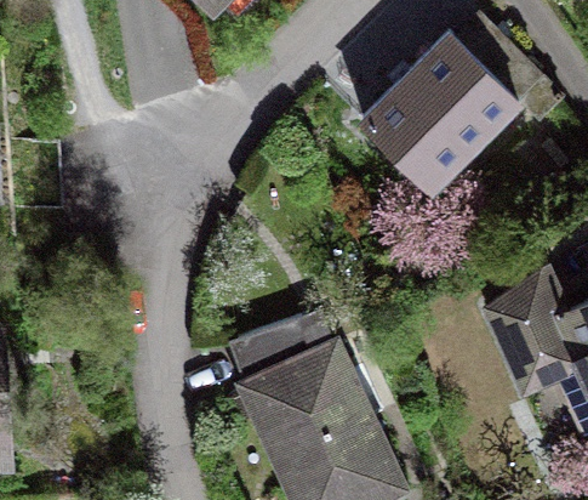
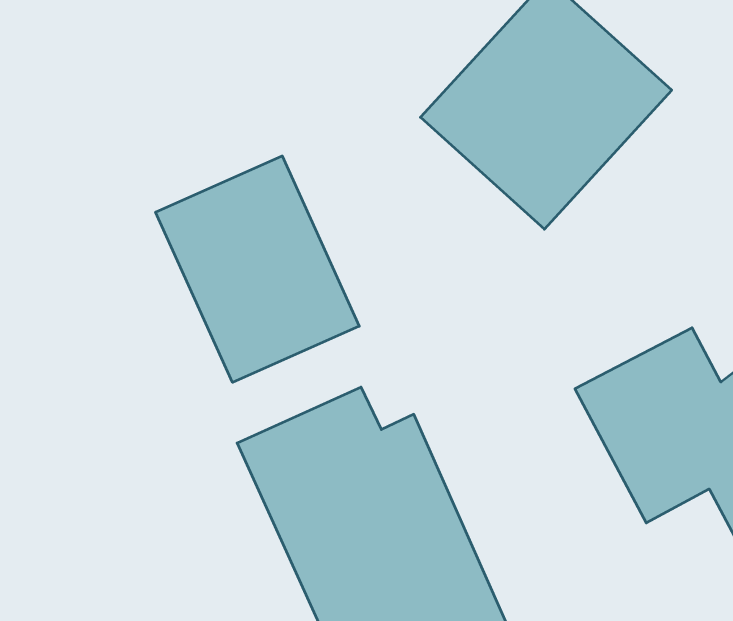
building: none -> [156,156,359,382]

